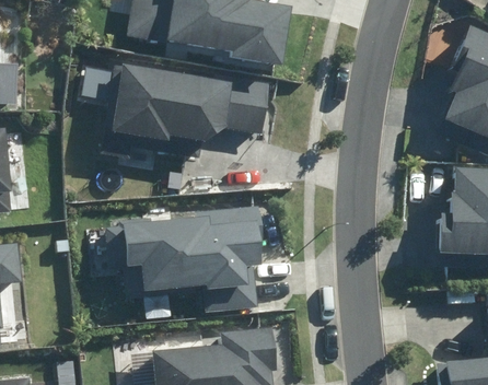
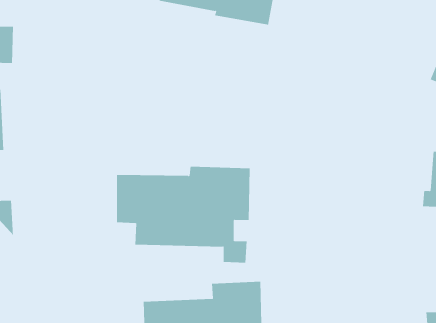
building: [109,63,266,142] -> none

